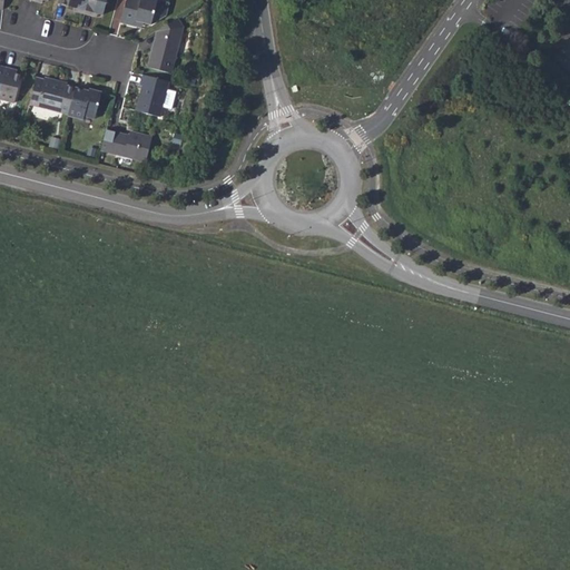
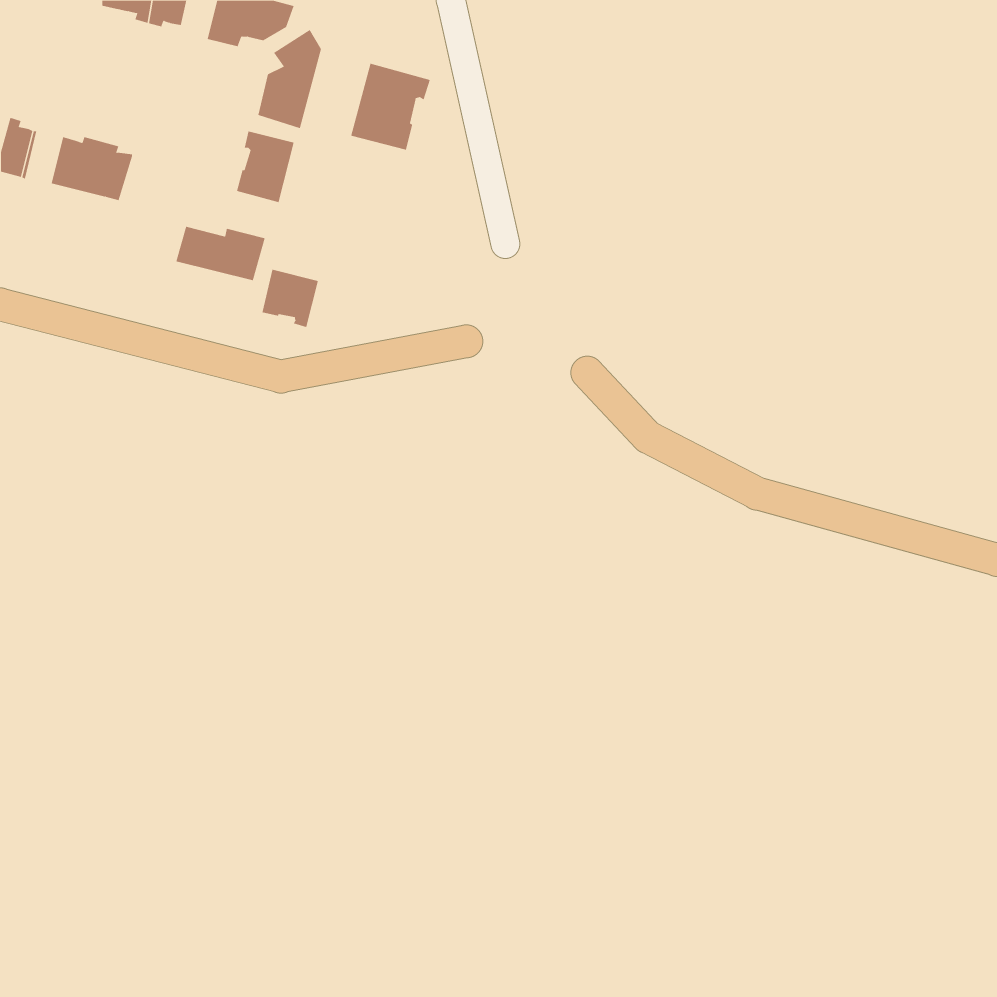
building: none -> [350,63,430,151]
building: [68,89,101,119] -> none
building: none -> [262,269,319,328]

